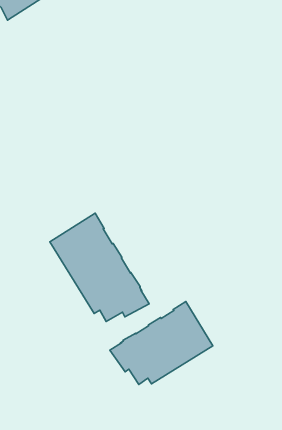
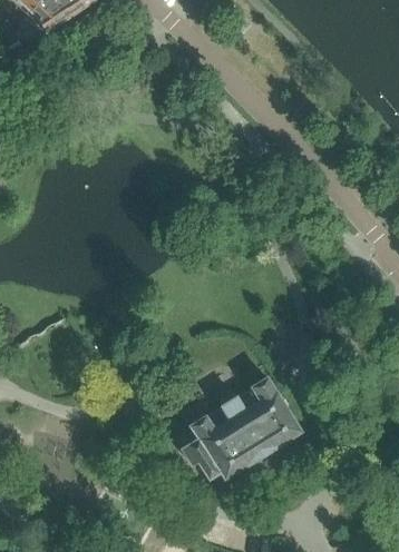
building: [50,213,149,322] -> none

